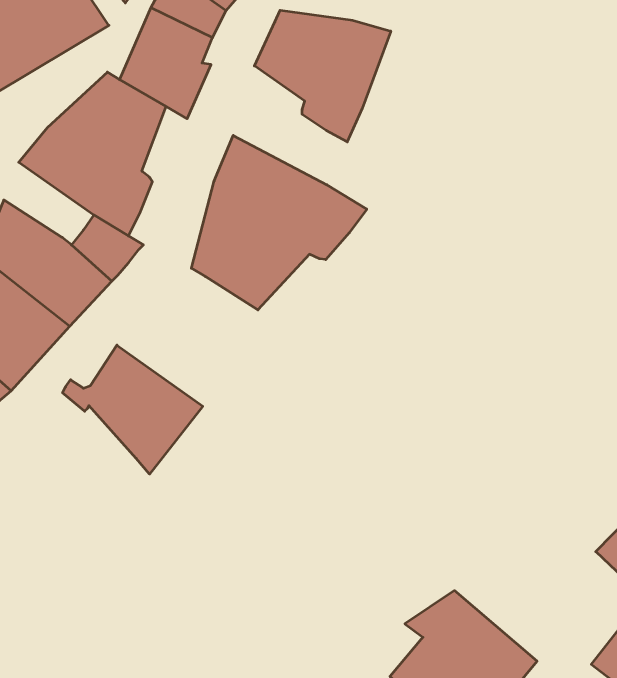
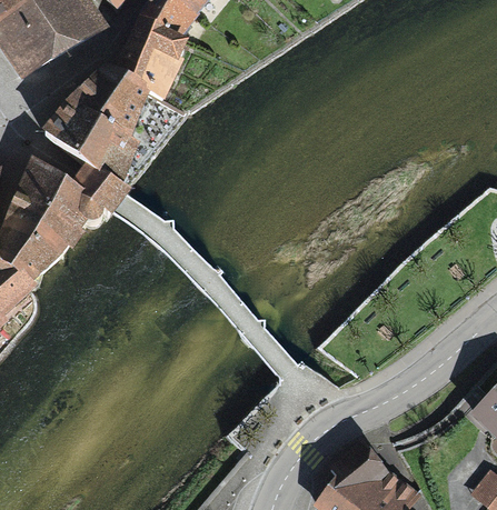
building: [254,10,391,142] -> none
building: [191,135,367,310] -> none
building: [63,345,203,474] -> none

